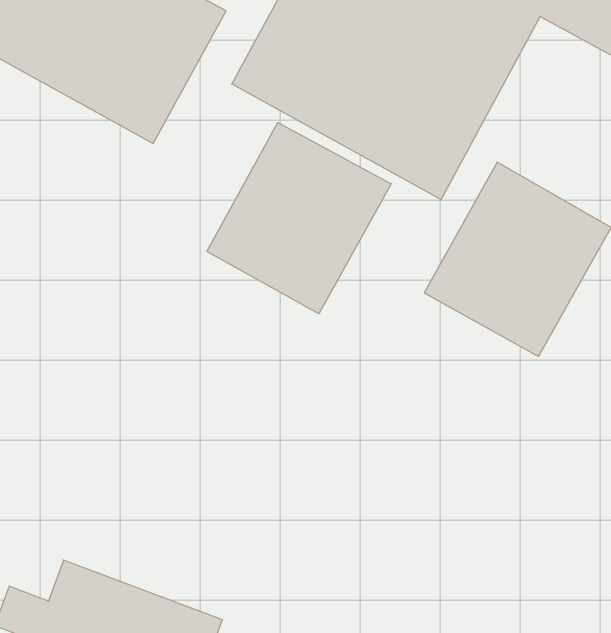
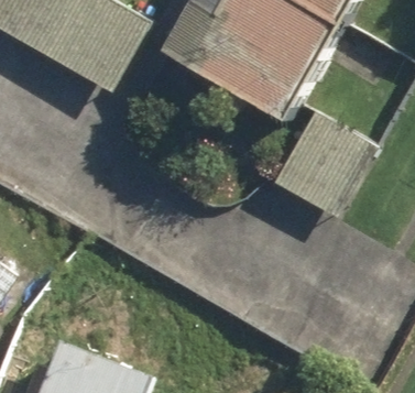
building: [207,123,391,314] -> none

